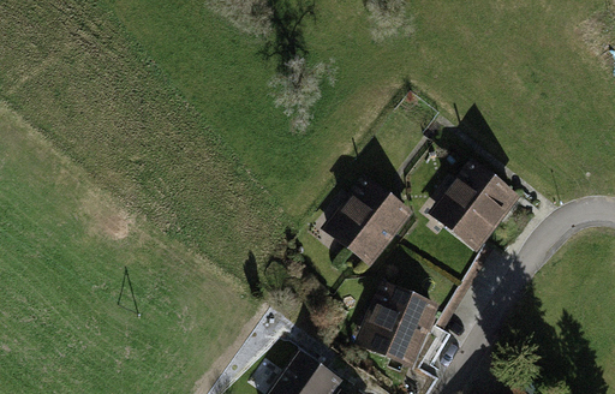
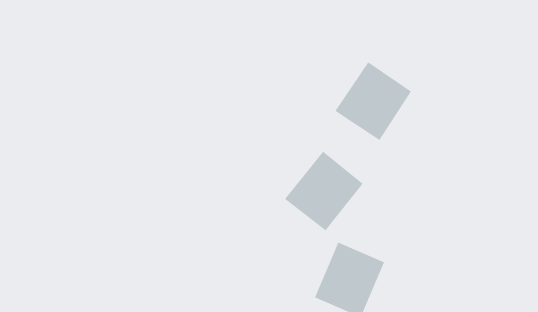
building: [430,155,517,244] -> [335,62,412,141]

